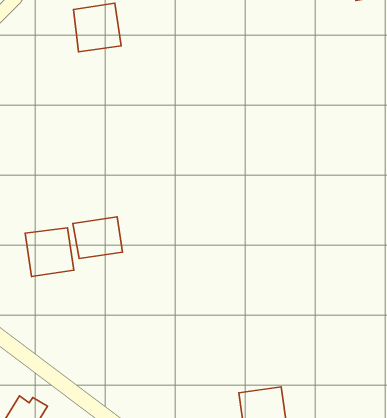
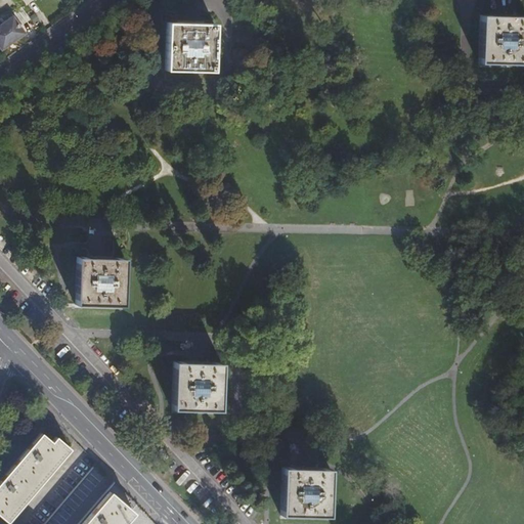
building: [73,217,122,259] -> none
building: none -> [177,364,225,412]

